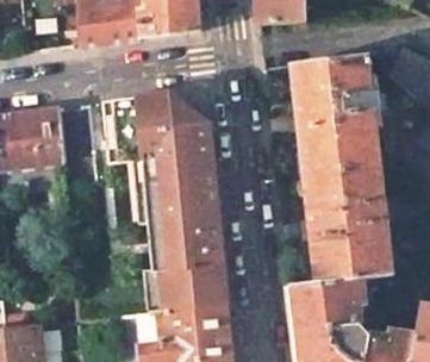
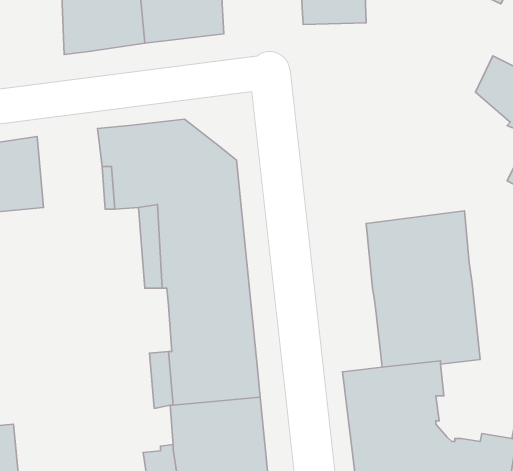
building: [292,55,379,174] -> none

